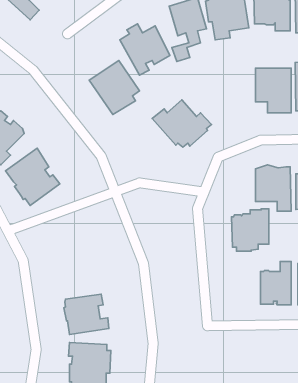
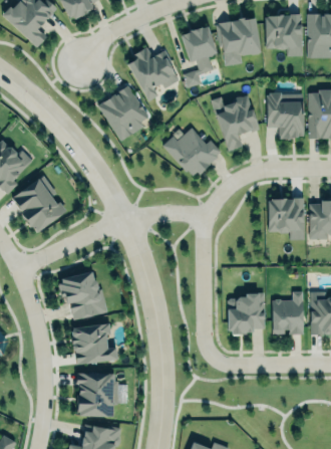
building: none -> [212,95,259,152]
building: [231,209,269,251] -> [227,292,265,335]
building: none -> [58,266,105,317]

